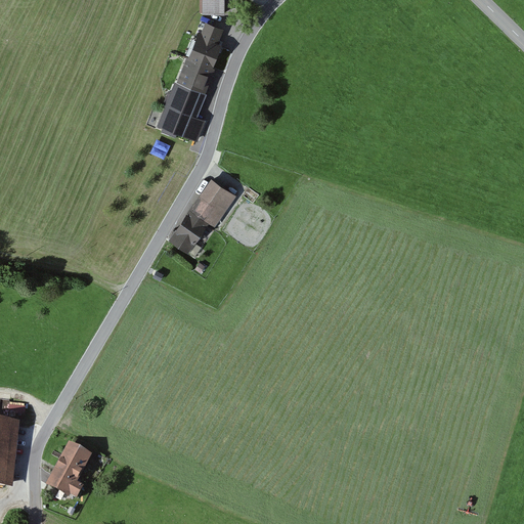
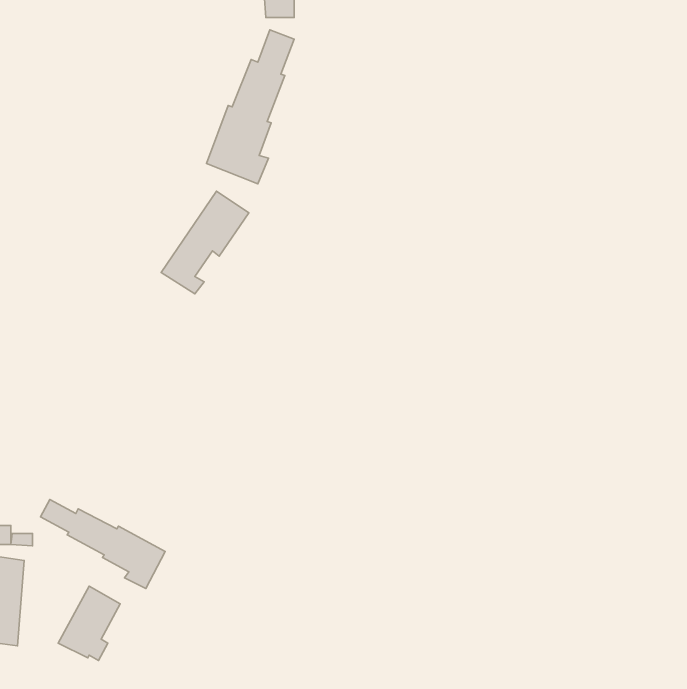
building: [168,178,234,256] -> [161,191,249,294]
building: none -> [41,499,165,589]

